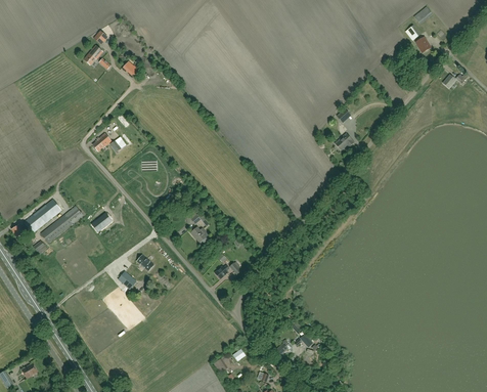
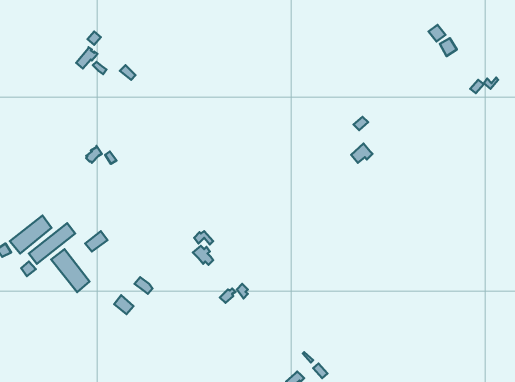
building: none -> [51,249,90,292]

